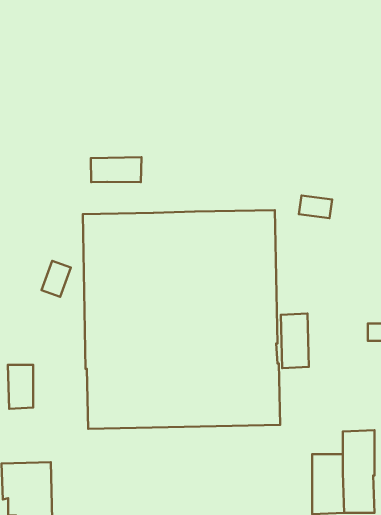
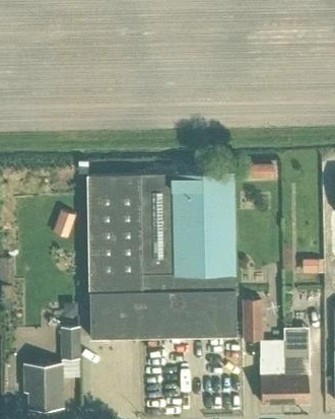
building: [91,157,142,182] -> none
building: [281,313,309,368] -> [242,299,263,341]
building: [8,365,33,409] -> [60,325,79,358]

